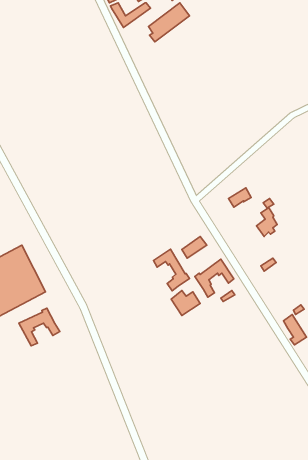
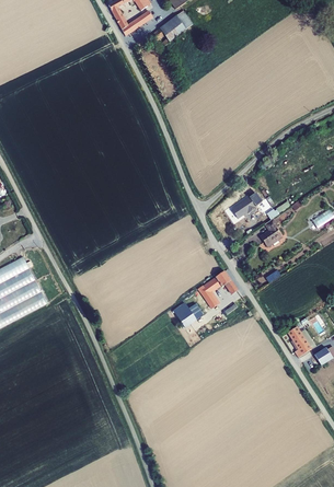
building: [153,249,189,291] -> none
building: [19,308,60,346] -> none

